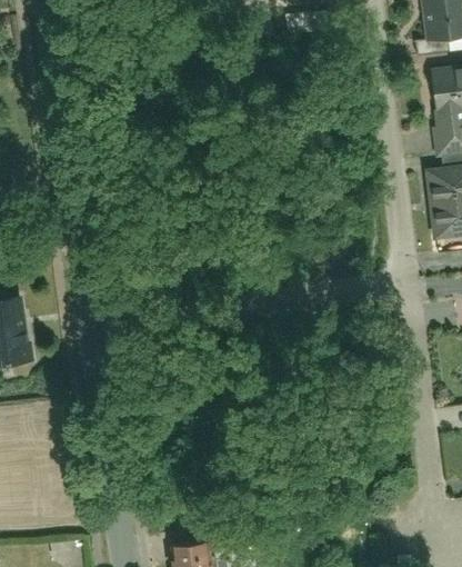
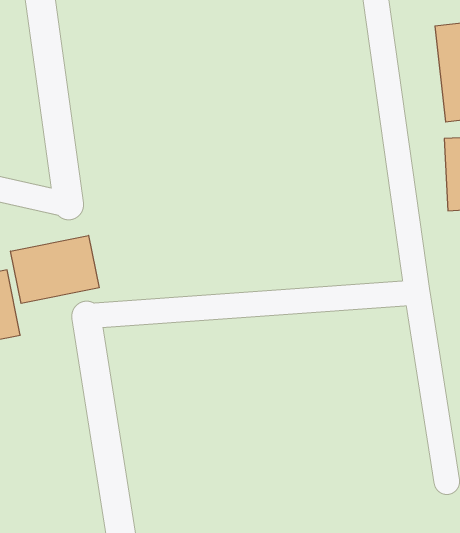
building: none -> [11,235,99,303]

